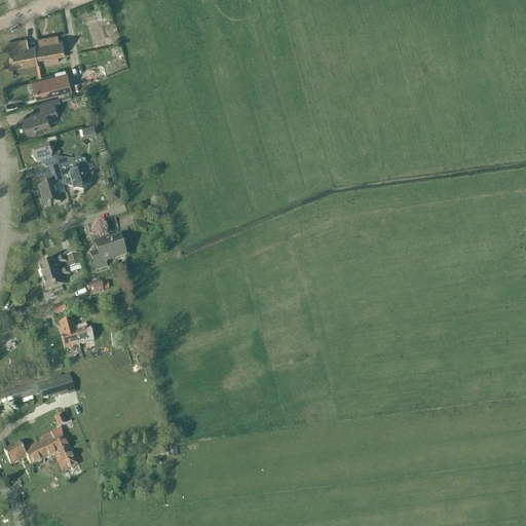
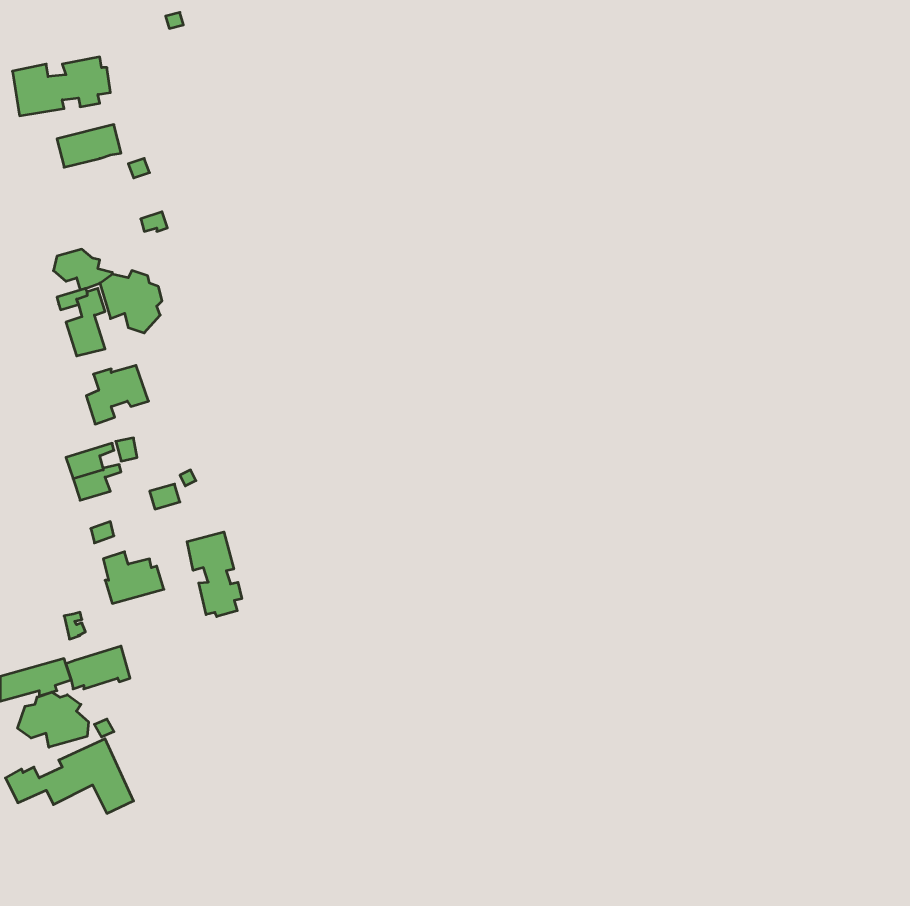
building: [23,92,71,134] -> none
building: [90,235,126,269] -> [86,365,149,424]
building: none -> [187,532,242,617]
building: none -> [18,692,88,747]

